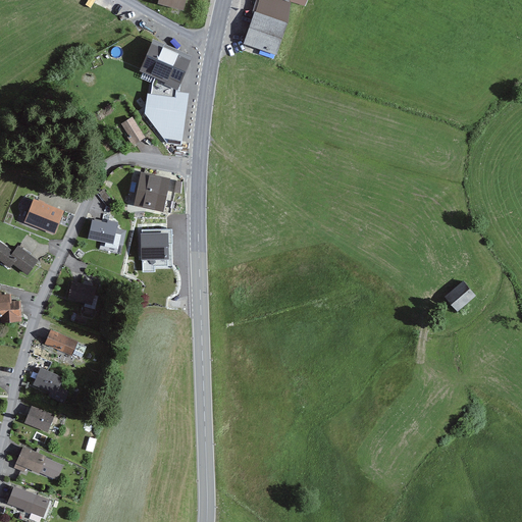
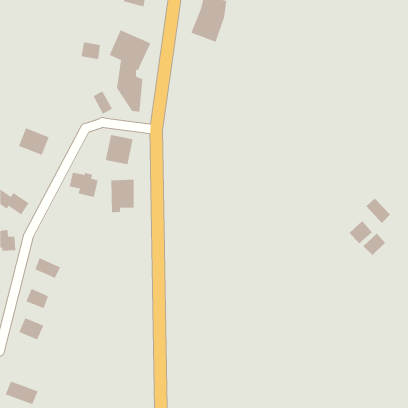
building: none -> [81,41,101,60]
building: [23,198,63,233] -> [18,128,49,156]
building: none -> [366,198,391,224]
building: [67,280,97,308] -> none
building: none -> [363,233,386,256]
building: [12,446,63,479] -> none

